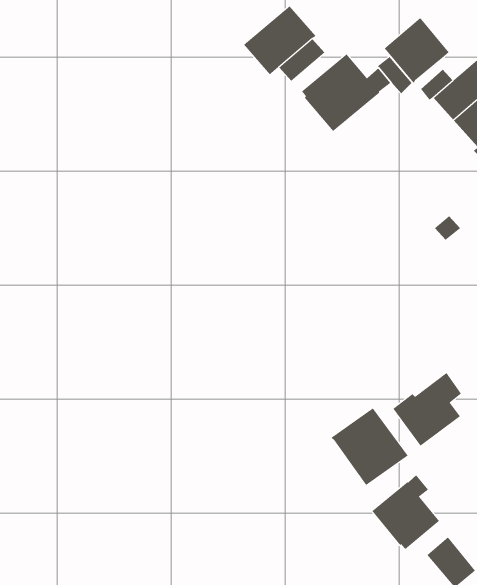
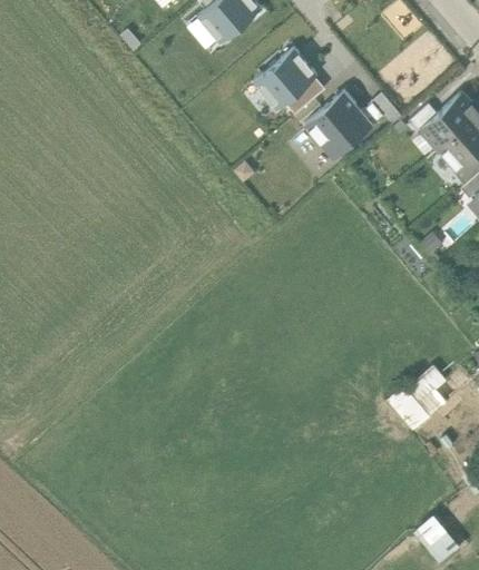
building: [384,17,450,84] -> none
building: [331,407,409,486] -> none
building: [372,475,440,550] -> none

